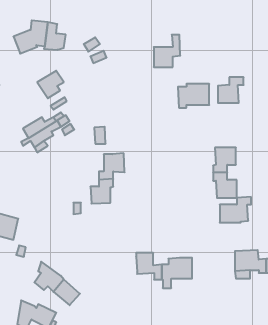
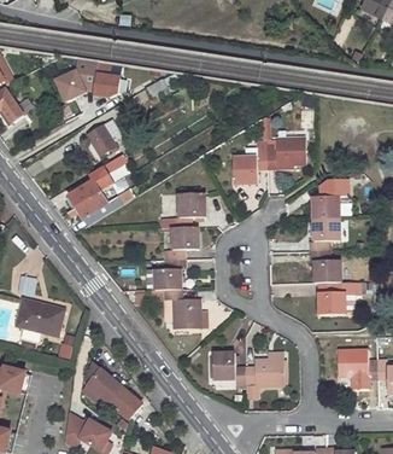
building: [154,35,180,67] -> [233,142,266,184]
building: [218,77,244,103] -> [312,187,345,220]
building: none -> [163,194,204,228]
building: none -> [148,290,199,330]

